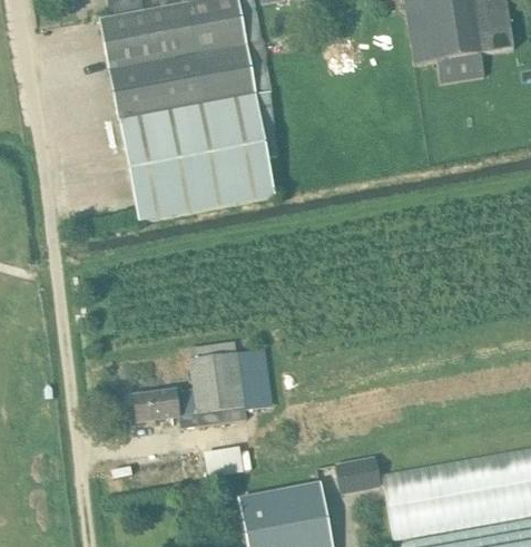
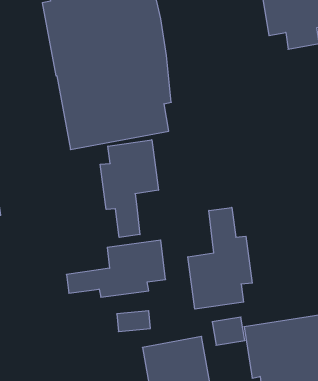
building: none -> [100,140,158,237]
building: none -> [188,207,252,309]

